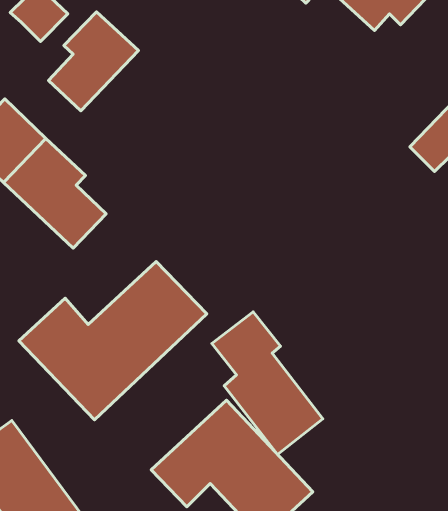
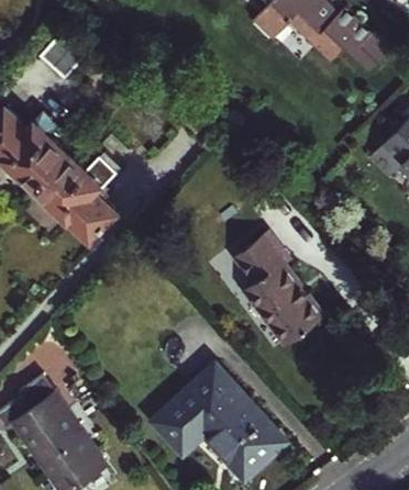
building: [48,12,138,111] -> none
building: [19,261,207,420] -> none
building: [212,312,323,454] -> [236,231,325,345]

